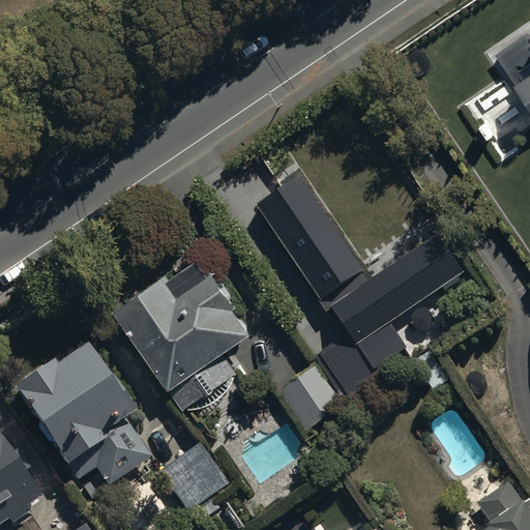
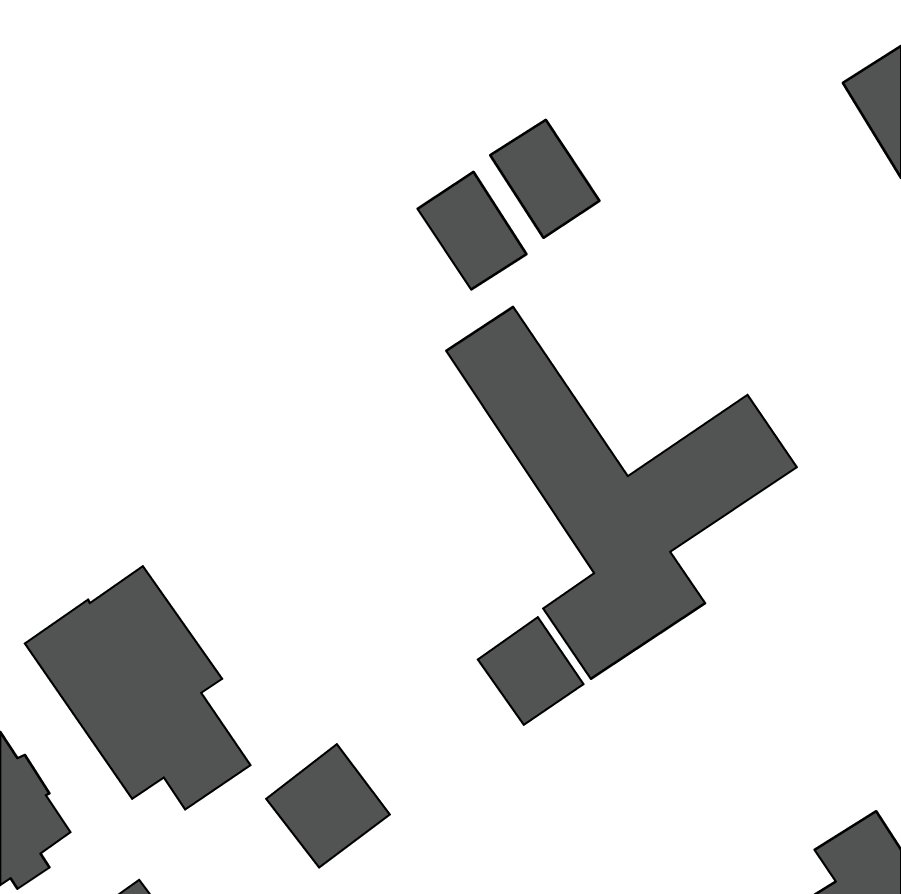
building: none -> [490,120,599,238]
building: none -> [418,172,527,290]
building: [111,249,251,407] -> none

